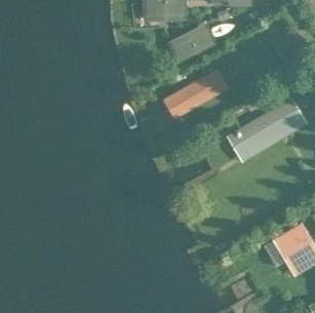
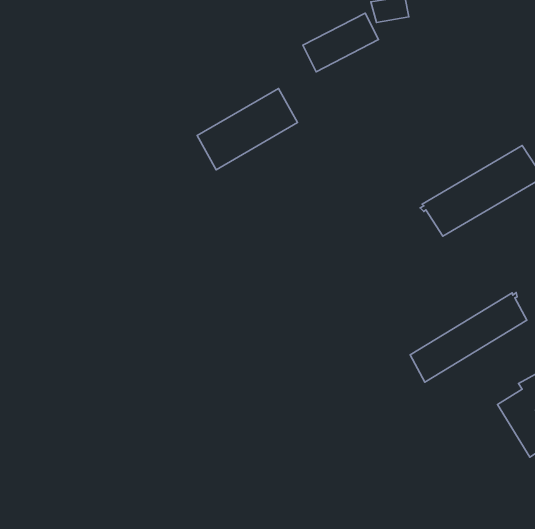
building: [169,71,224,115] -> [197,88,297,170]
building: none -> [410,293,527,382]

